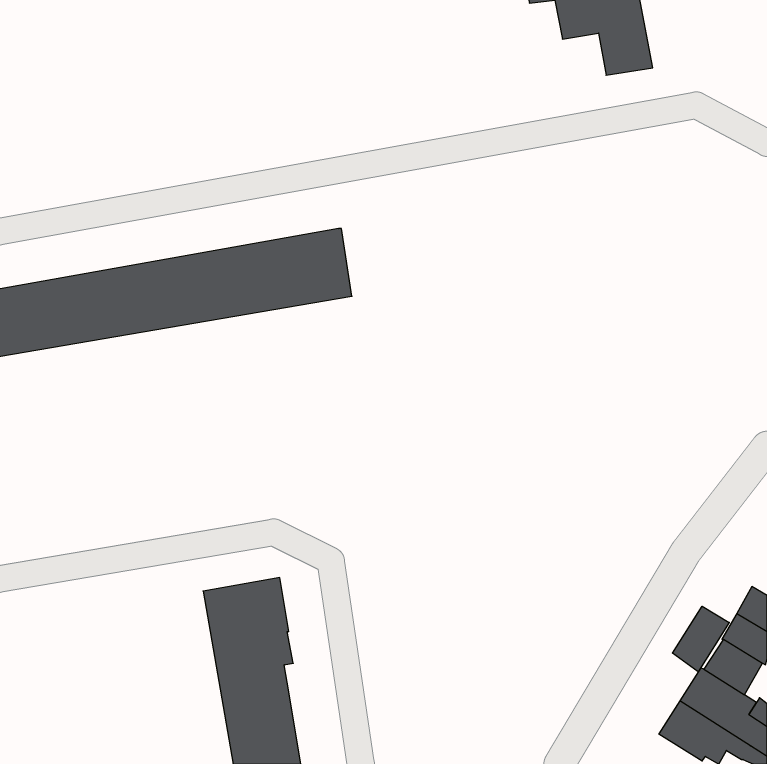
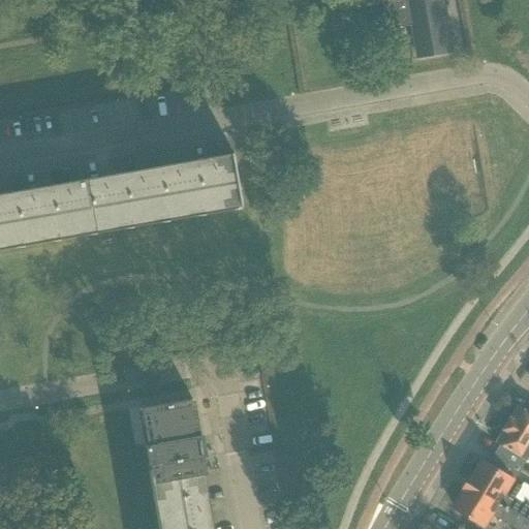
building: [672,606,729,672] -> none

